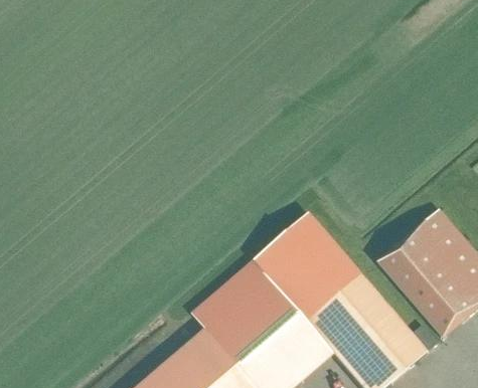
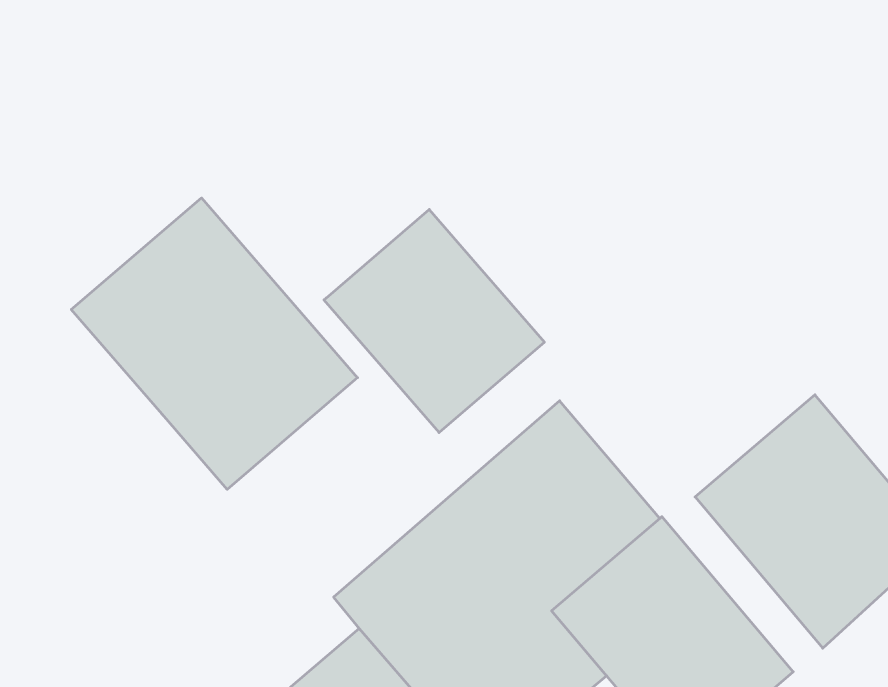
building: none -> [71,198,358,489]
building: none -> [324,209,544,433]

